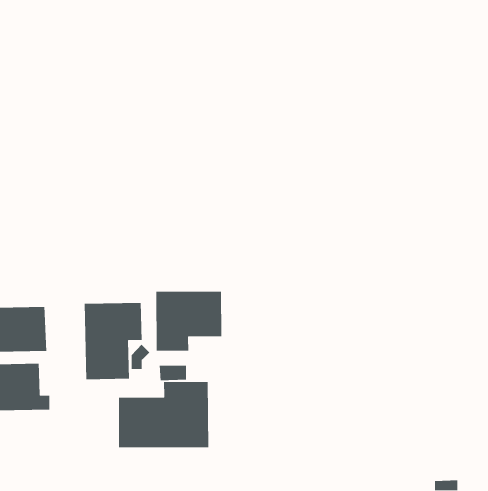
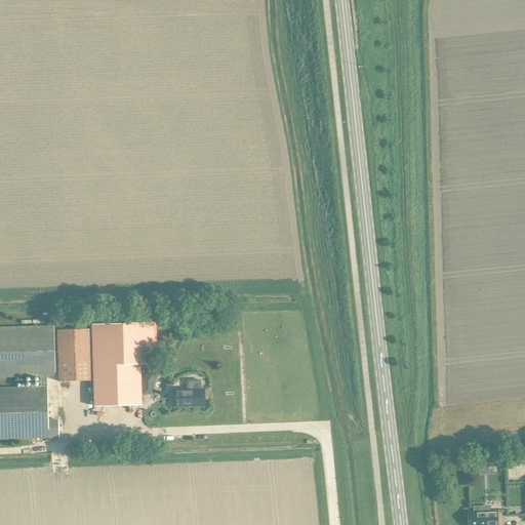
building: [155,291,222,351] -> none
building: none -> [52,328,88,381]
building: [118,381,209,448] -> none

